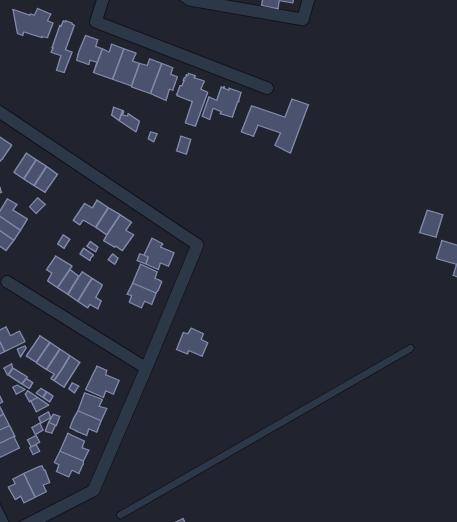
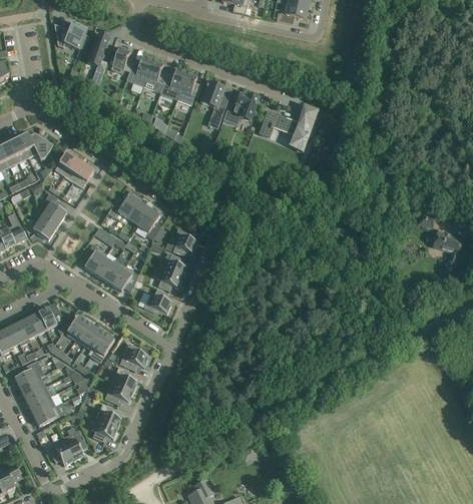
building: [176,328,208,356] -> [144,289,172,314]

